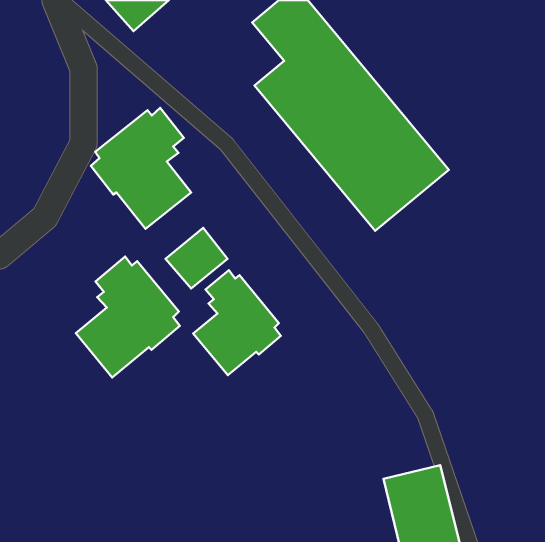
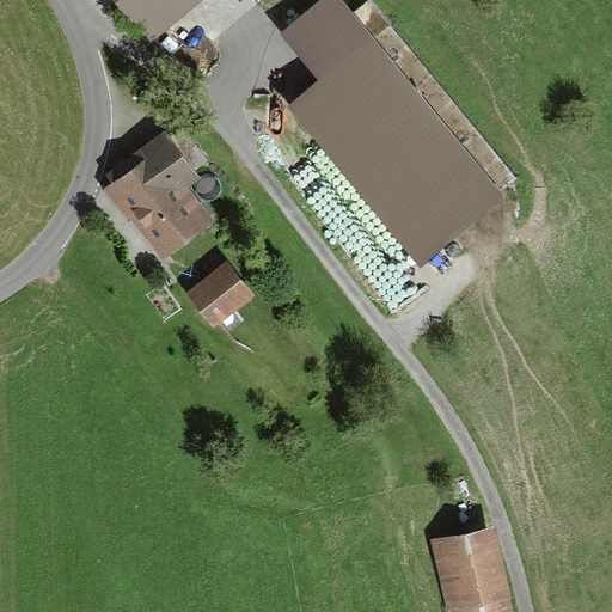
building: [76,257,180,377] -> none
building: [193,270,281,375] -> none

